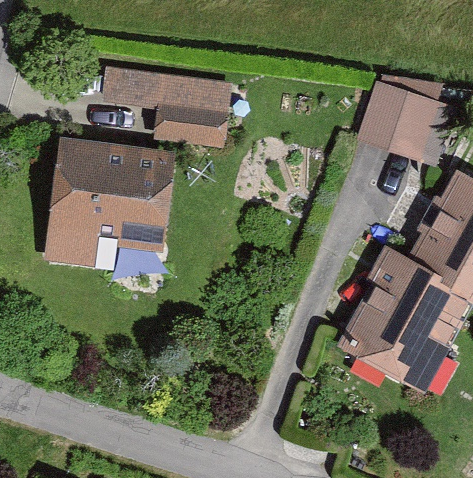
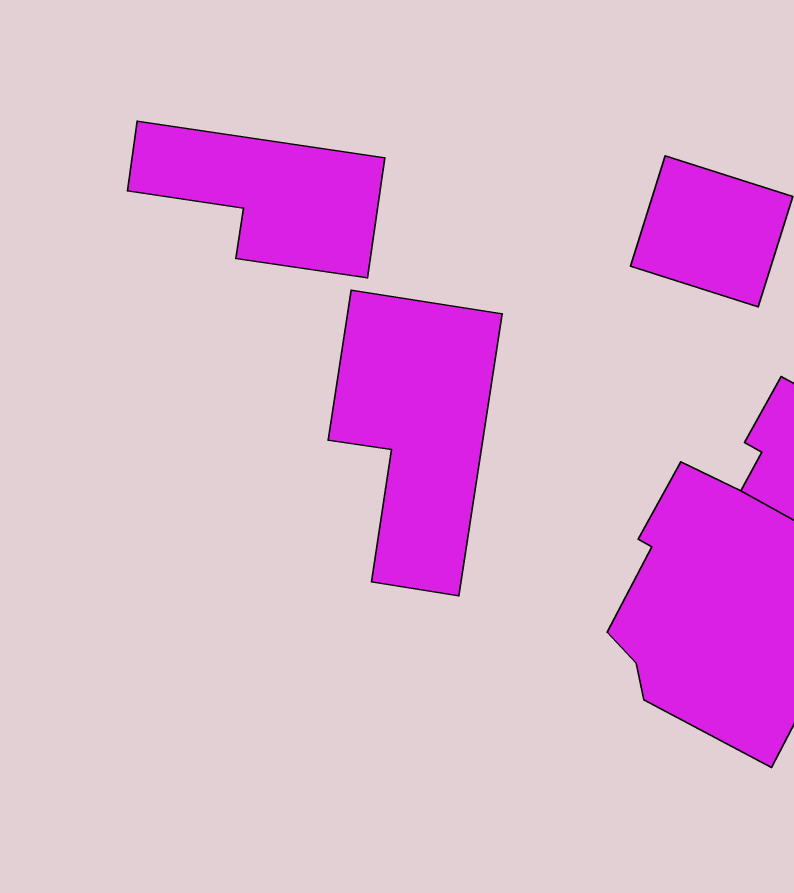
building: [43,137,181,267] -> none
building: none -> [328,290,502,596]

